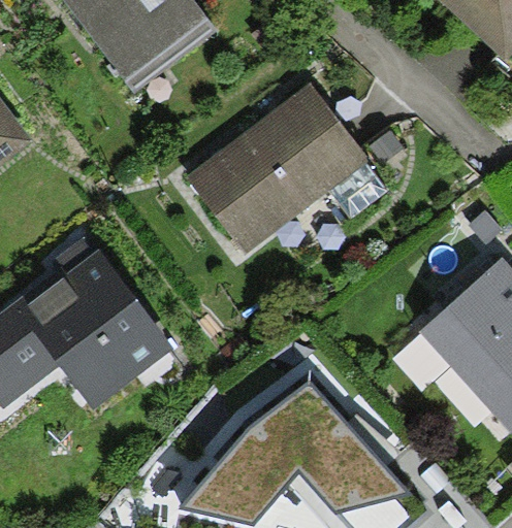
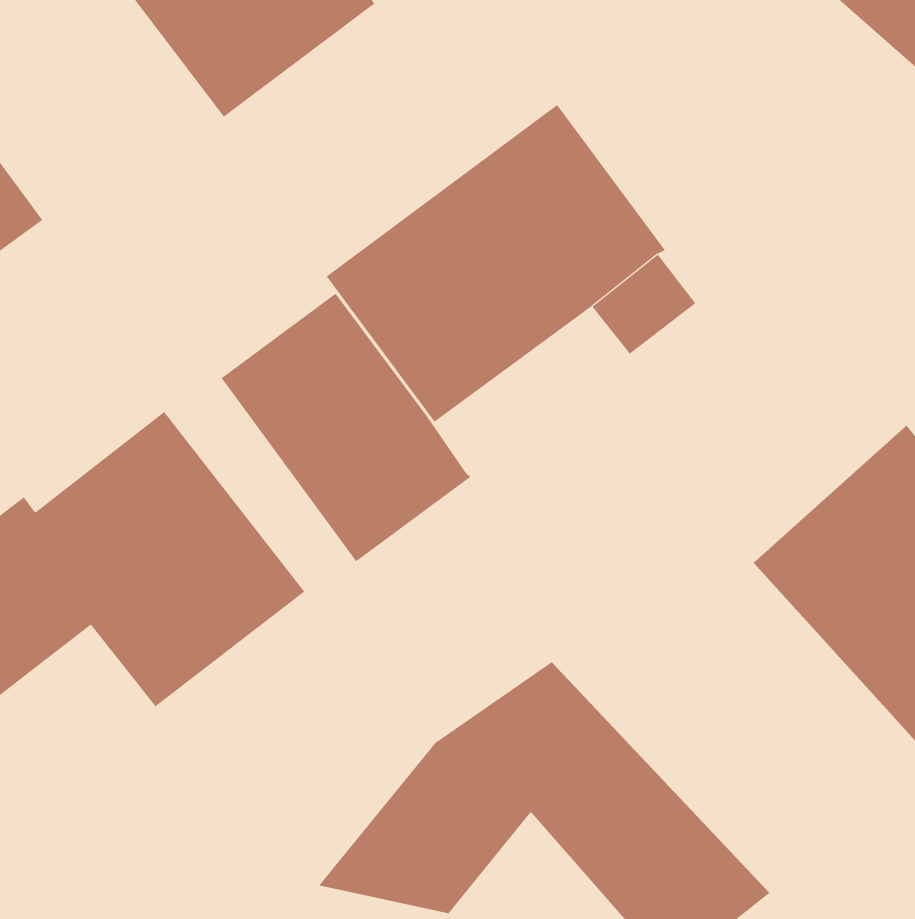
building: none -> [221,293,471,562]

